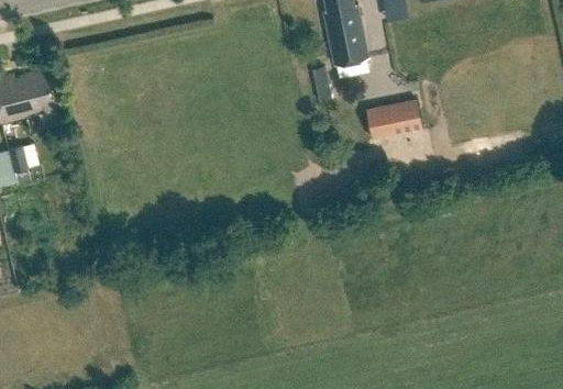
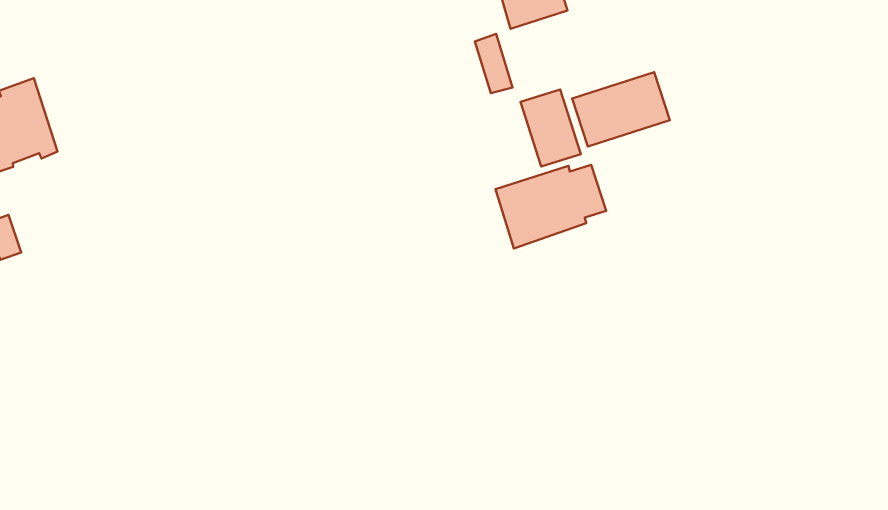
building: none -> [521,89,581,167]
building: none -> [495,165,606,248]

